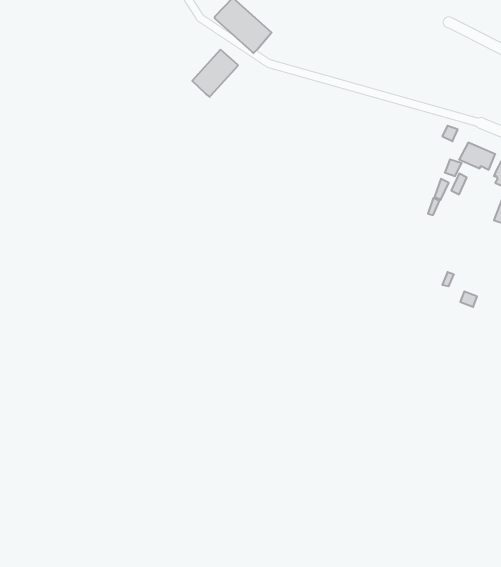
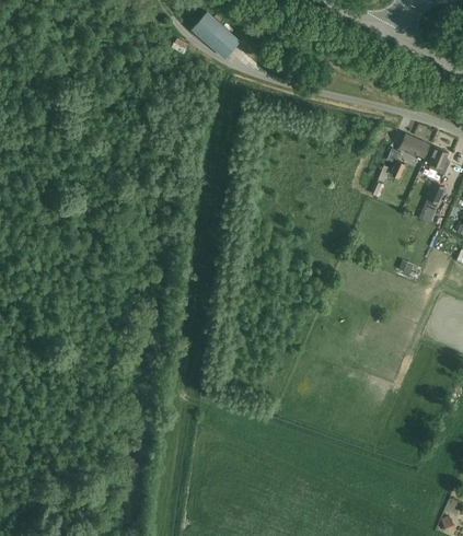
building: [192,50,238,97] -> none

